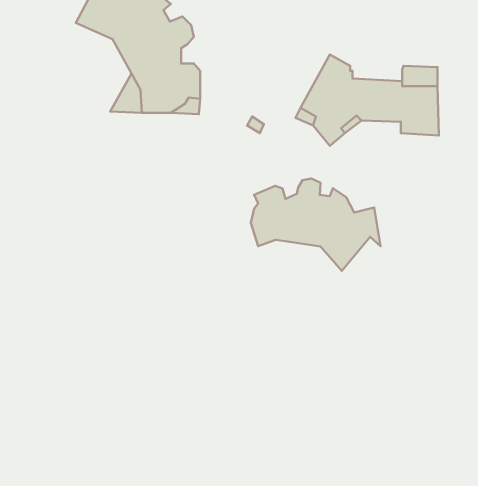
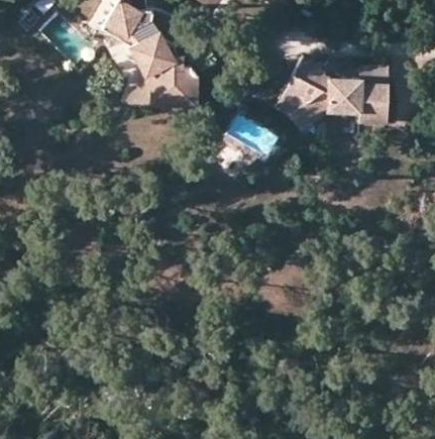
building: [251,179,380,271] -> none

